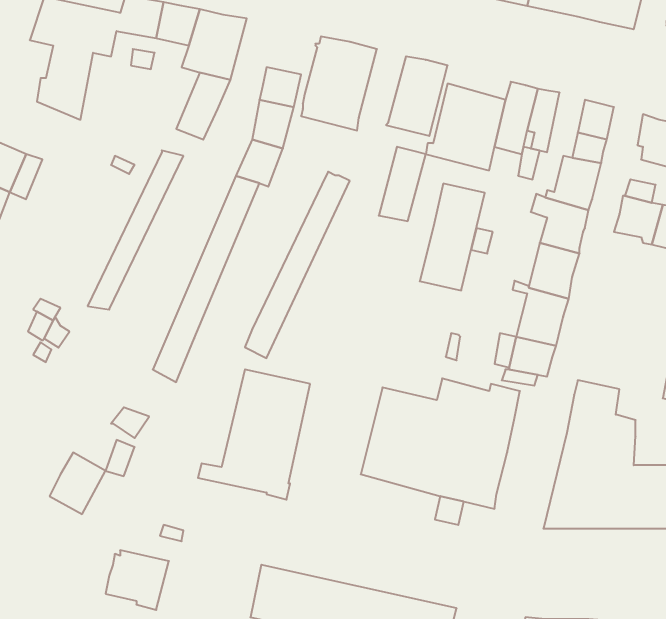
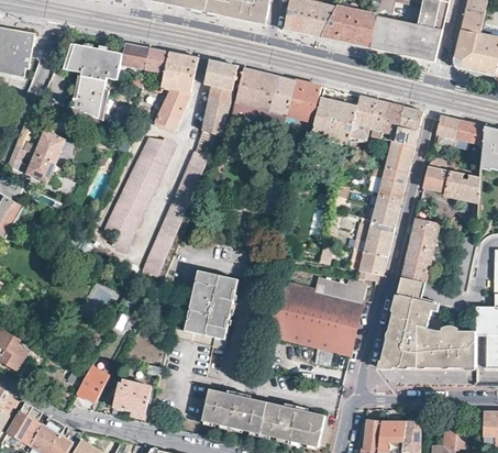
building: none -> [203,58,237,90]
building: none -> [381,101,405,141]
building: [379,147,426,221] -> [267,75,296,120]
building: [245,172,350,358] -> [111,137,175,251]
building: [420,184,485,290] -> [400,217,440,281]
building: [50,453,106,514] -> [76,364,110,401]

